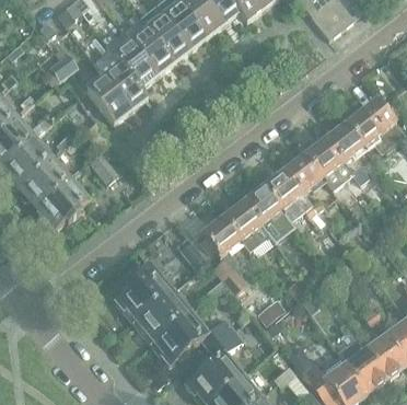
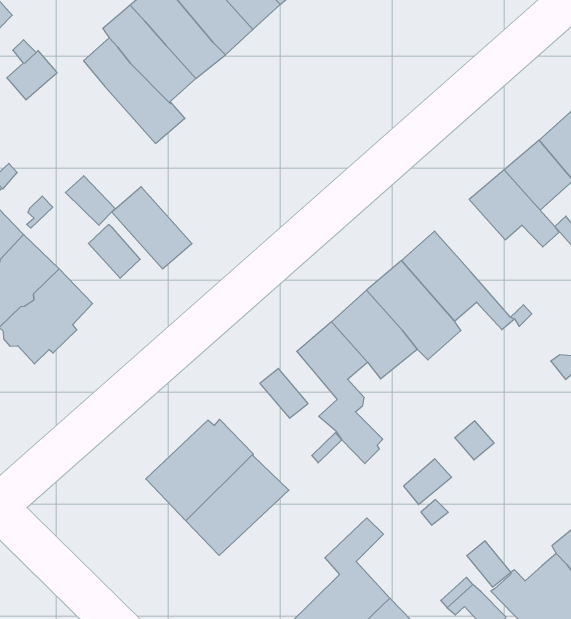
building: [88,74,131,121] -> [112,187,192,269]
building: [284,152,324,193] -> none
building: [151,309,235,364] -> none

